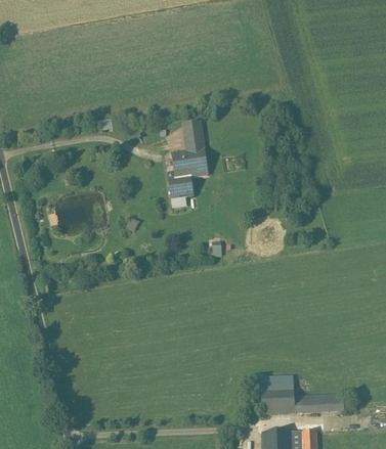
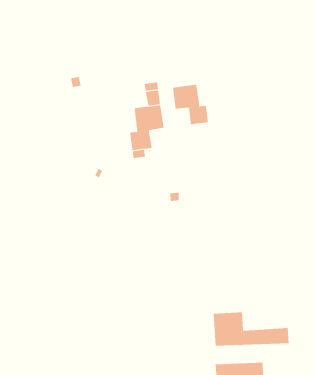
building: none -> [173,84,209,125]

